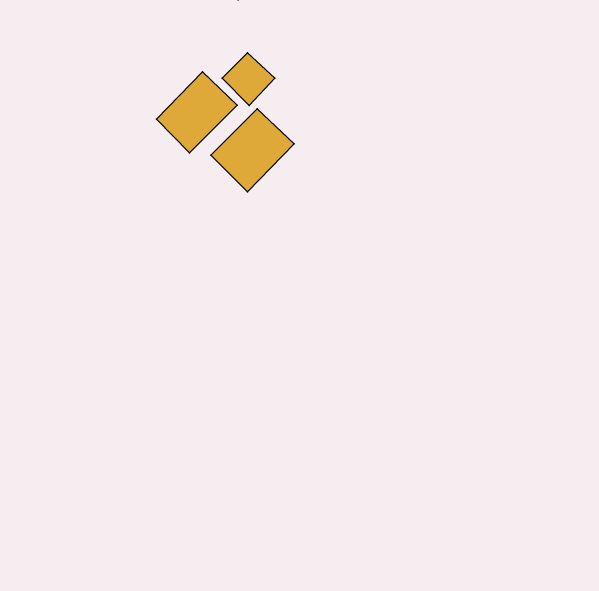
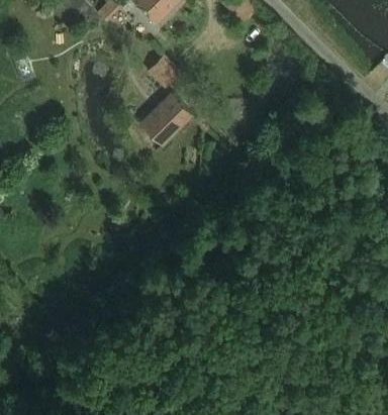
building: [156,72,237,153] -> none

